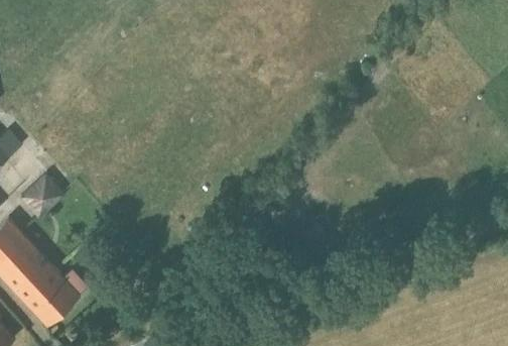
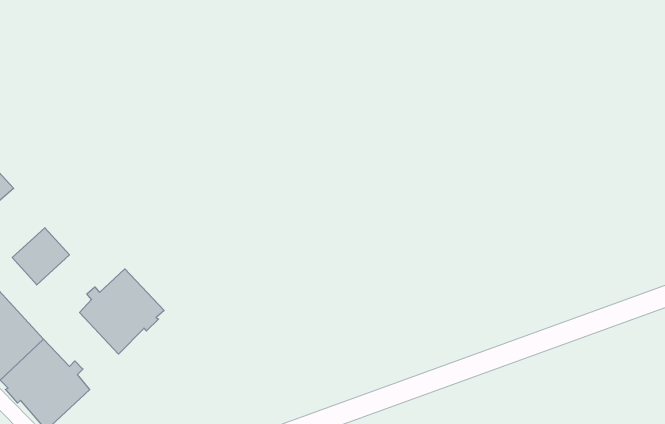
building: none -> [80,269,164,354]

